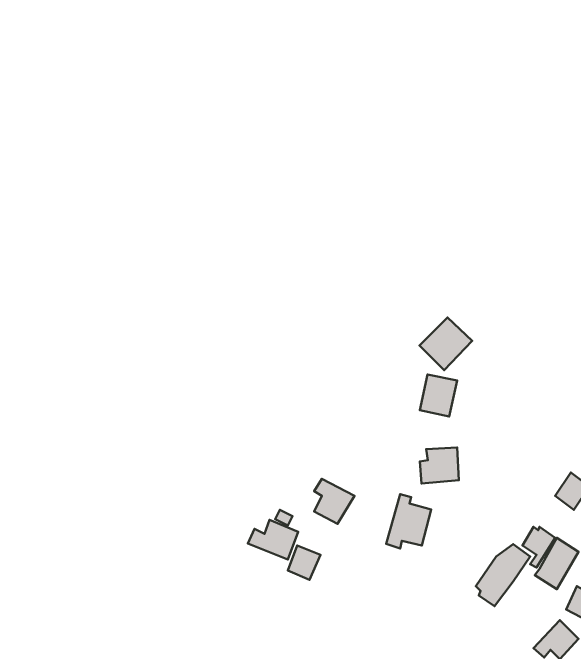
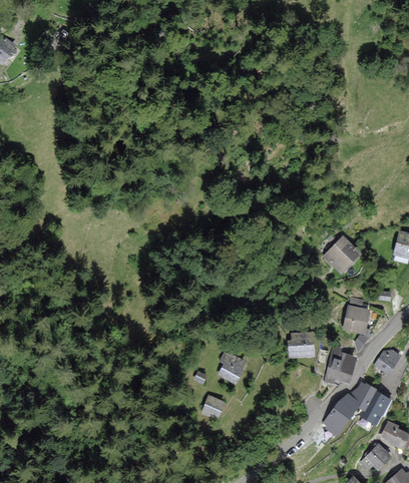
building: [419,317,472,370] -> [325,238,359,273]
building: [420,374,457,416] -> [344,306,368,333]
building: [386,494,431,548] -> [324,348,353,383]
building: [248,520,298,559] -> none

